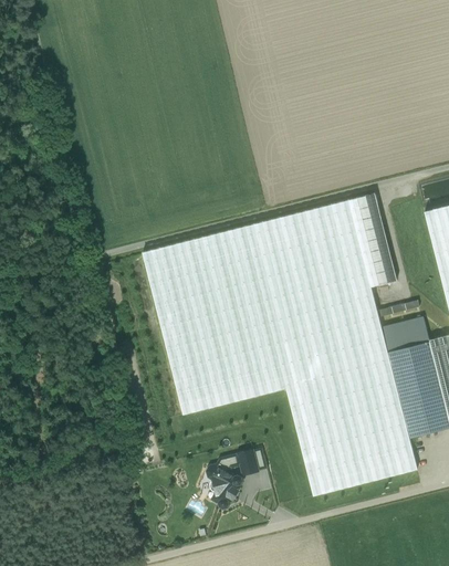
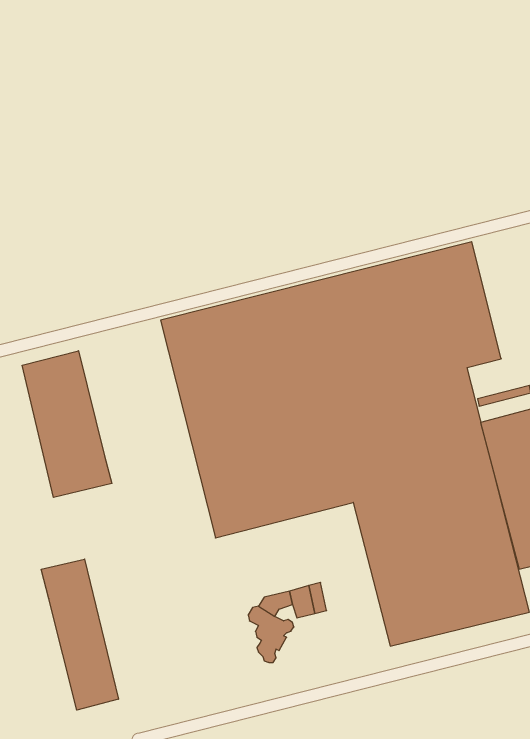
building: none -> [22,351,112,497]
building: none -> [41,559,118,710]

